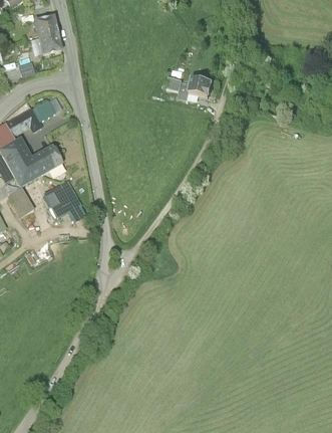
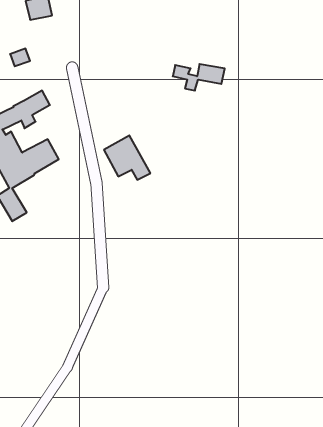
building: [37,31,62,55] -> none
building: [44,182,86,222] -> [104,135,150,180]

